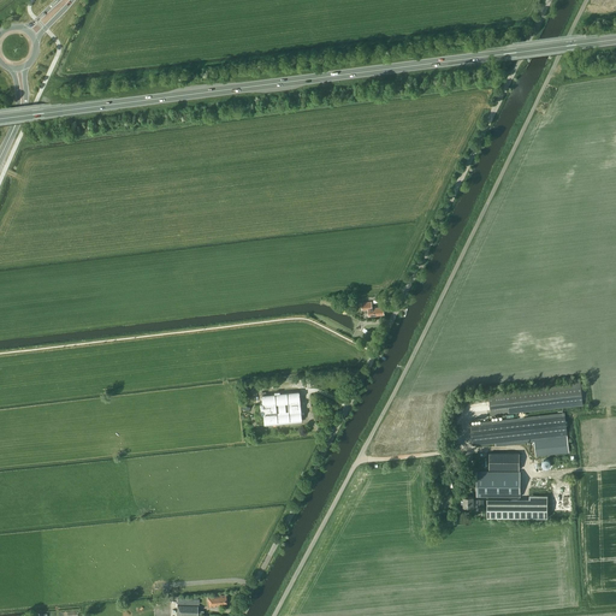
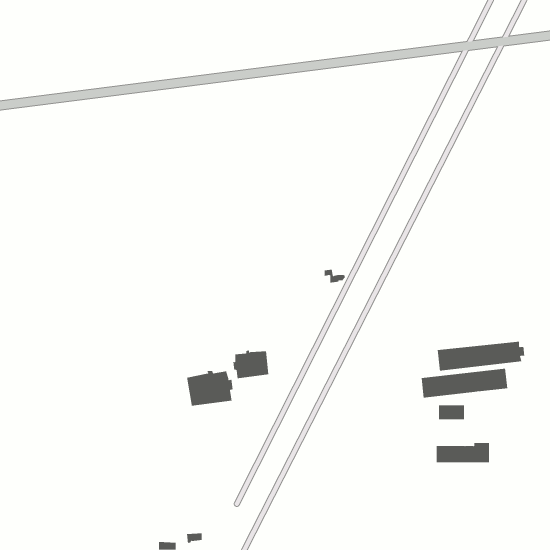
building: none -> [186,370,233,407]
building: [534,434,569,456] -> none
building: [478,472,520,496] -> none

